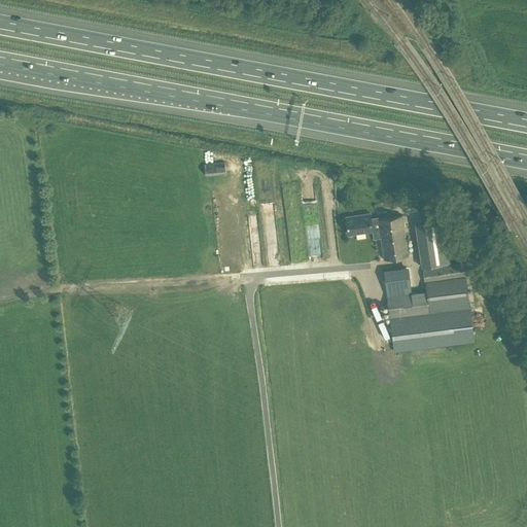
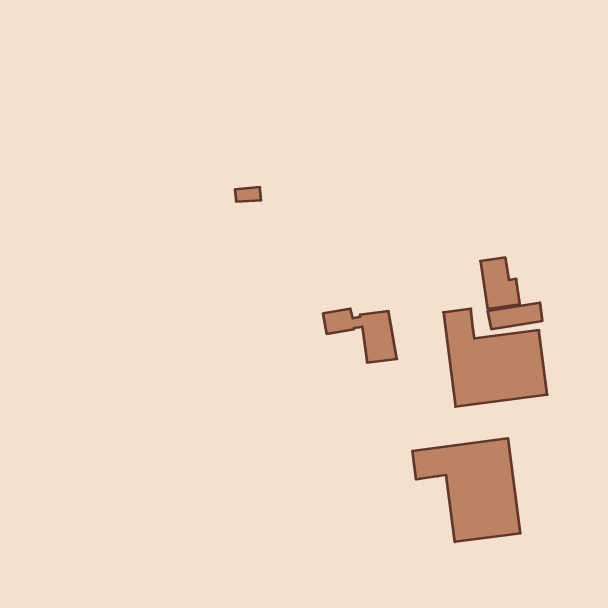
building: [344,213,408,259] -> [323,309,397,362]
building: none -> [412,438,520,542]

